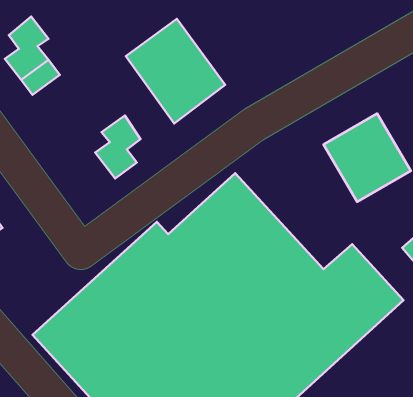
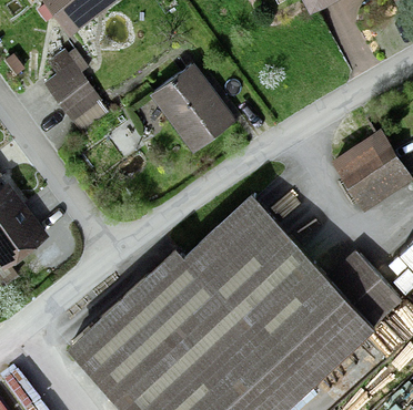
building: [95,115,140,179] -> none

